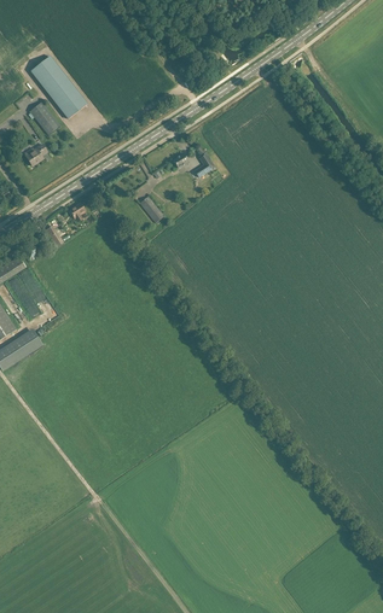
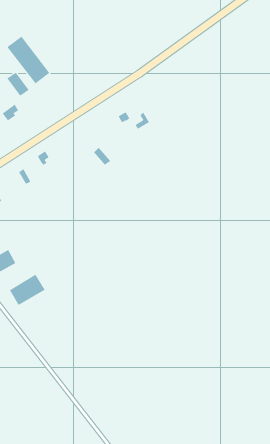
building: none -> [9,274,45,306]

